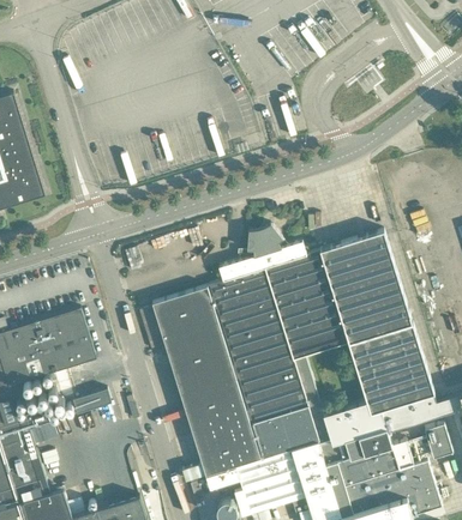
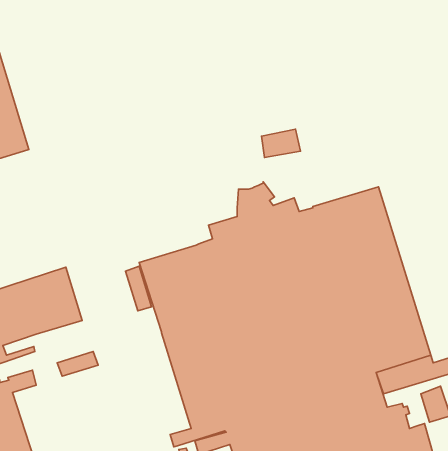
building: none -> [262,129,300,157]

